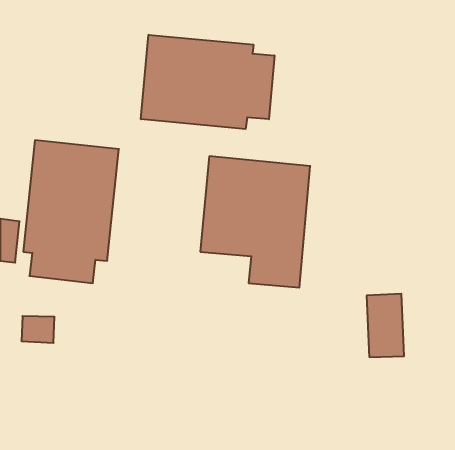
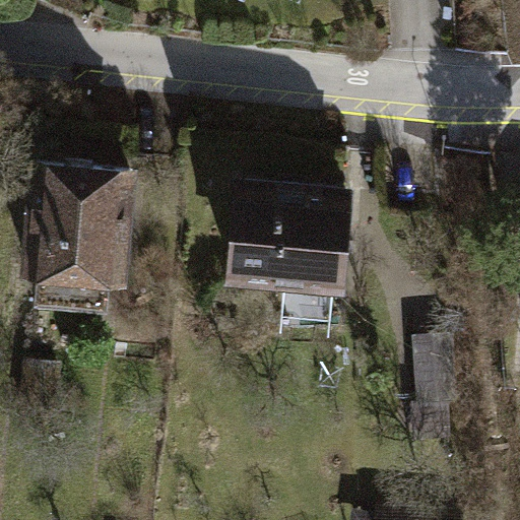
building: [141,35,274,129] -> none

